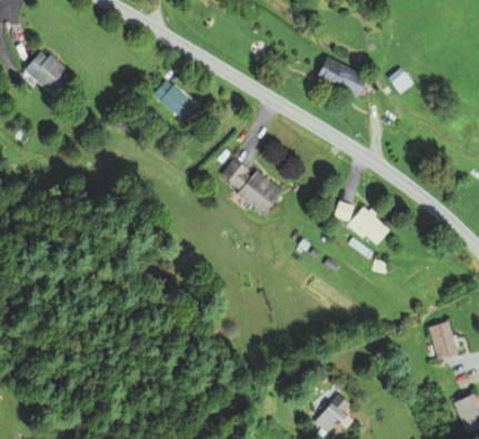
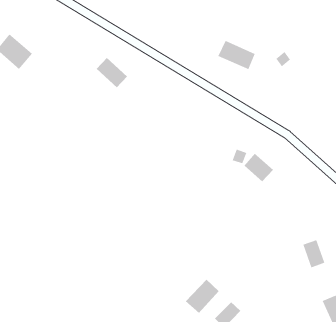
building: [219,154,283,213] -> none
building: none -> [185,279,220,314]

